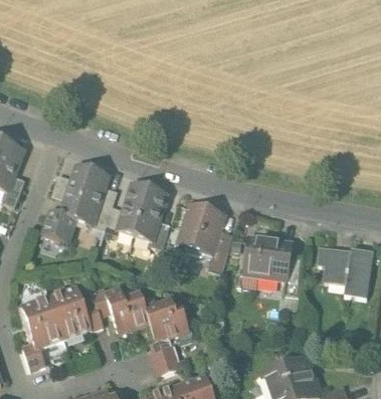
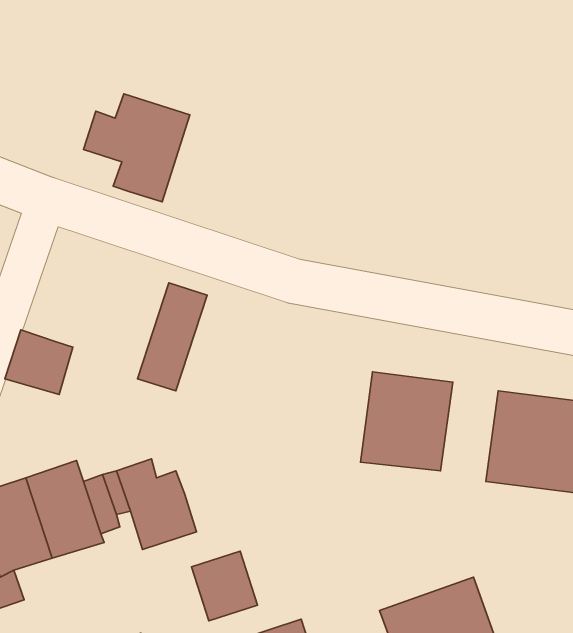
building: [50,162,112,224] -> [84,94,190,202]
building: [136,188,178,251] -> none
building: [173,199,233,261] -> none
building: [141,291,189,342] -> none

